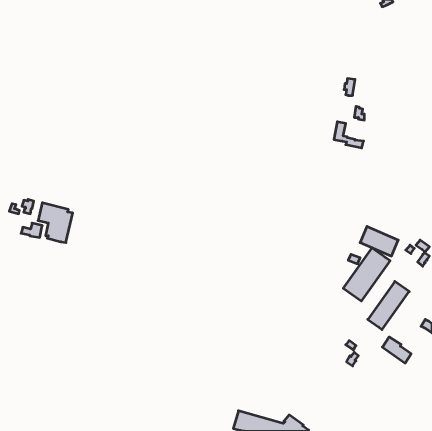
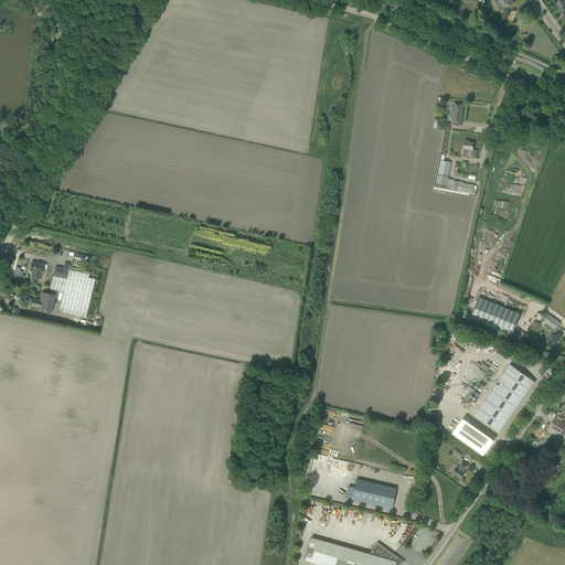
building: [343,248,390,301] -> none
building: [382,337,411,363] -> [454,419,491,454]
building: none -> [352,479,395,508]

